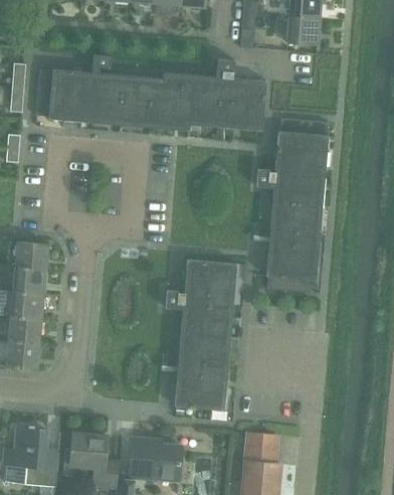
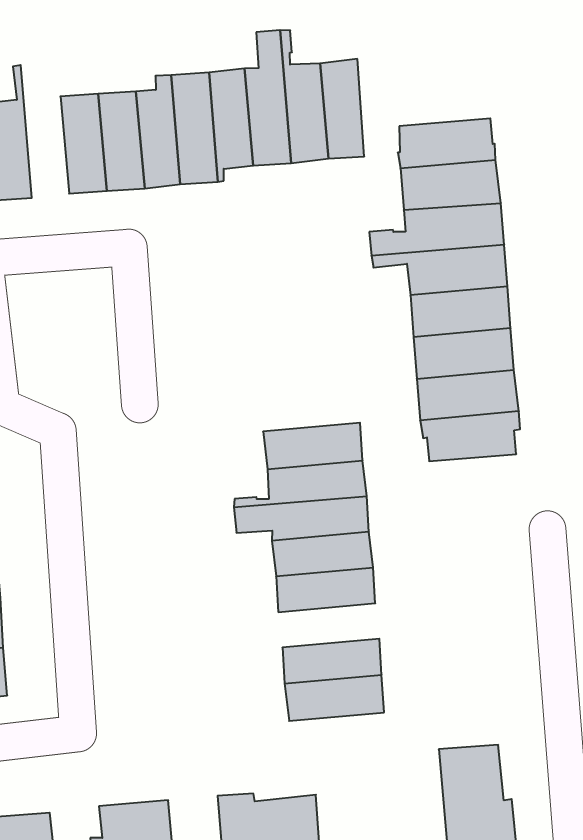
building: [91,55,115,124] -> none
building: [178,351,228,373] -> none

